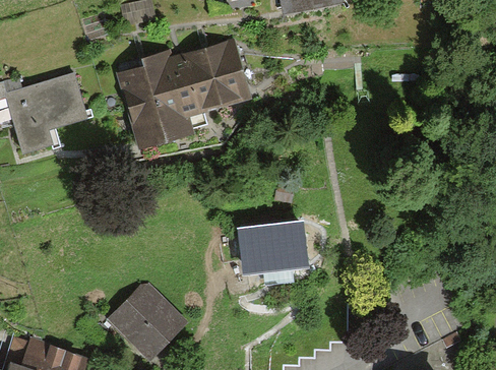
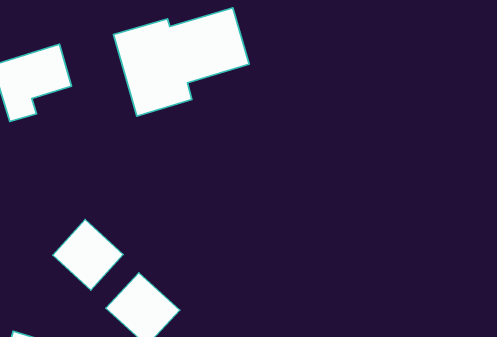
building: [244,226,300,271] -> none
building: none -> [53,220,123,290]

